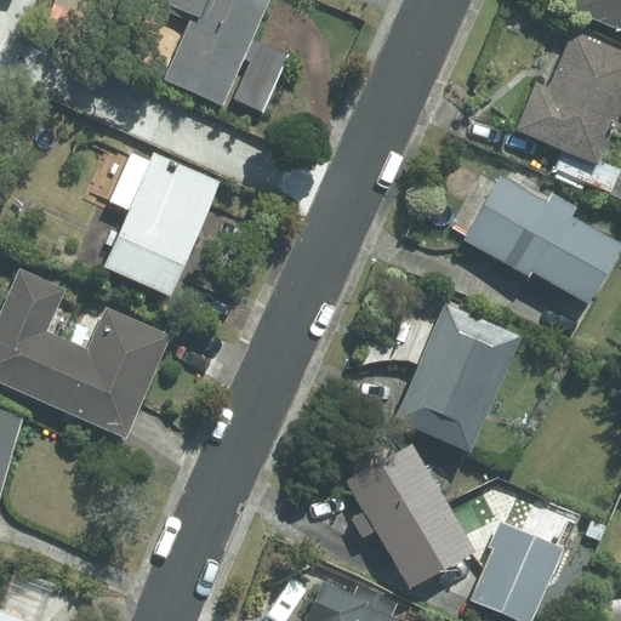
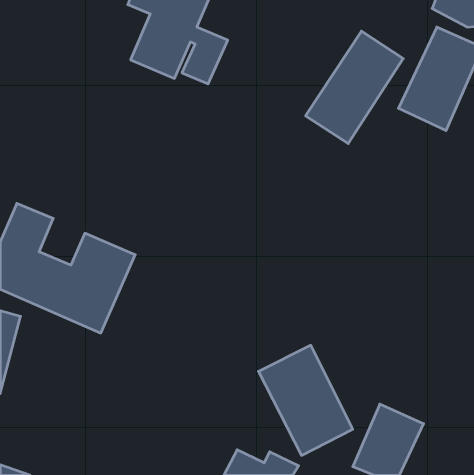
building: none -> [306,31,403,144]
building: [115,148,229,289] -> none
building: [456,180,608,309] -> none
building: [383,306,512,457] -> none

